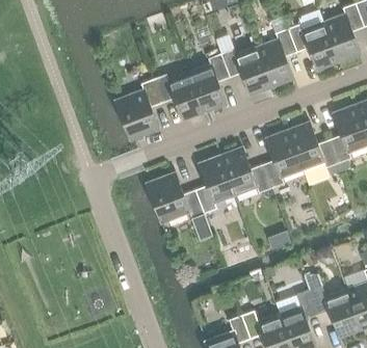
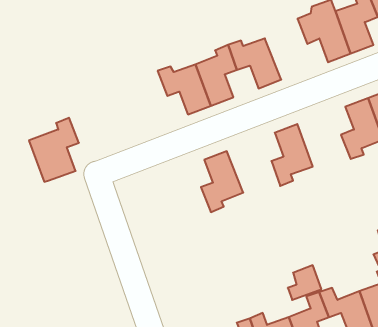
building: [256,28,296,86] -> none
building: [114,78,162,139] -> [29,118,79,182]
building: [287,121,338,169] -> none
building: [219,146,270,194] -> none
building: [146,171,204,222] -> none

